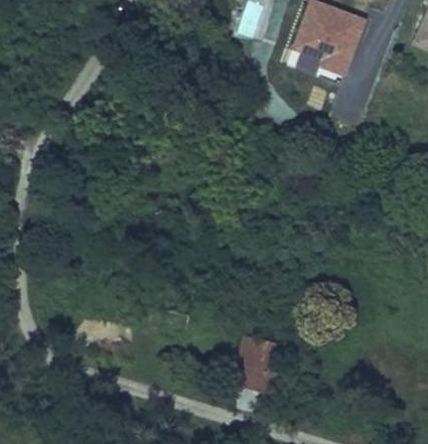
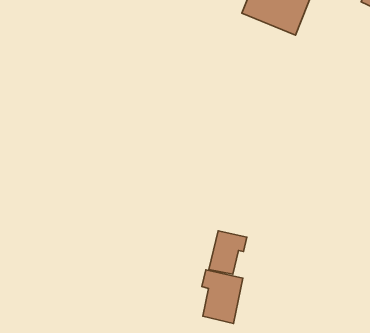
building: none -> [209,231,247,274]

